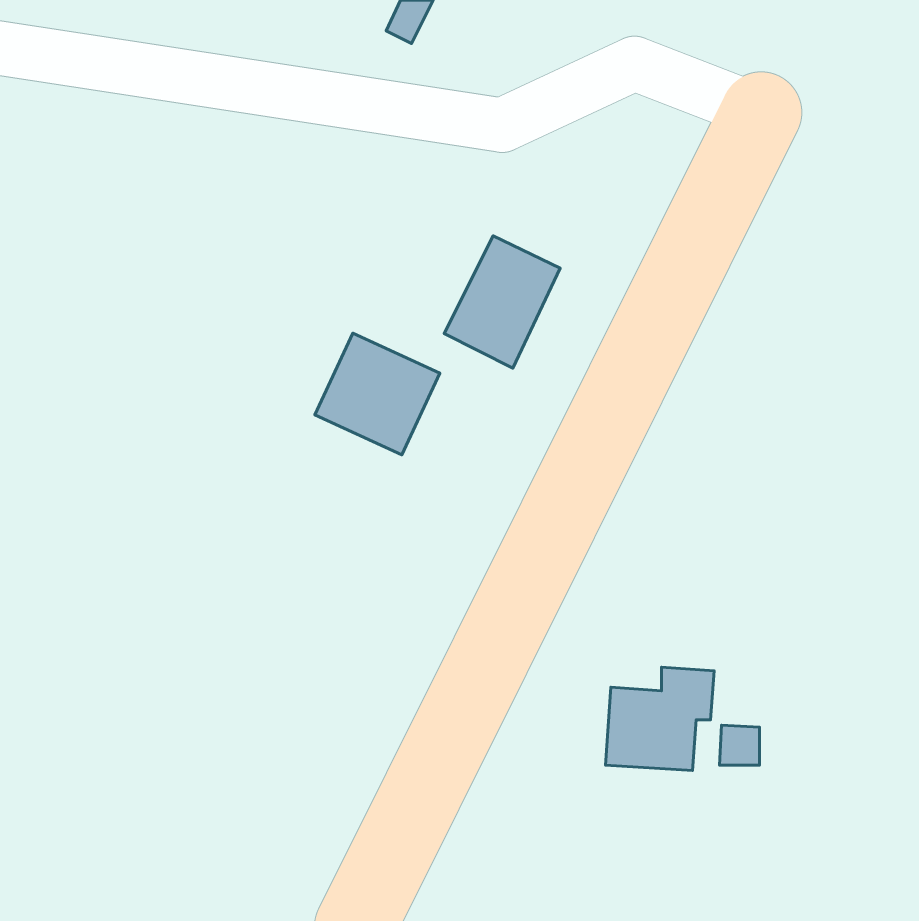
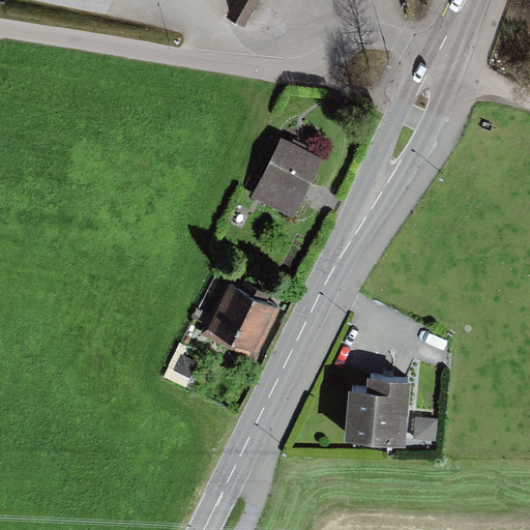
building: [315,333,440,455] -> [206,288,277,357]

